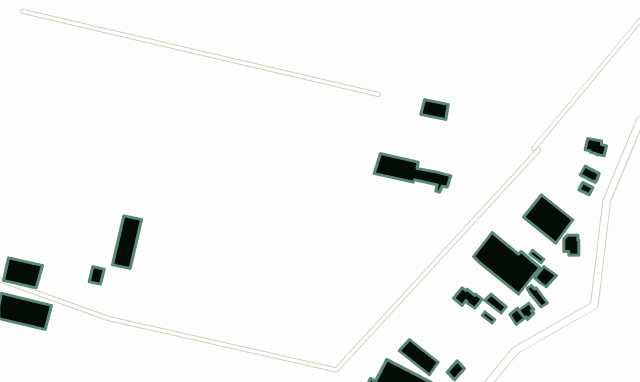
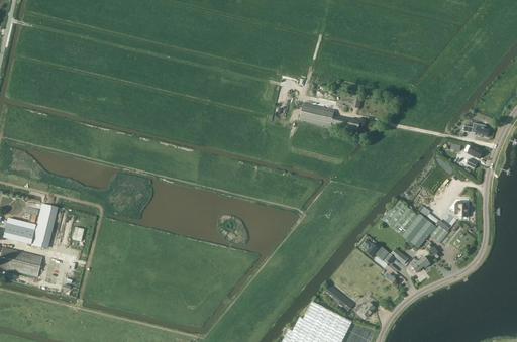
building: [374,153,451,192] -> [299,103,360,134]
building: [523,195,573,243] -> none
building: [113,216,141,269] -> [32,205,56,247]

